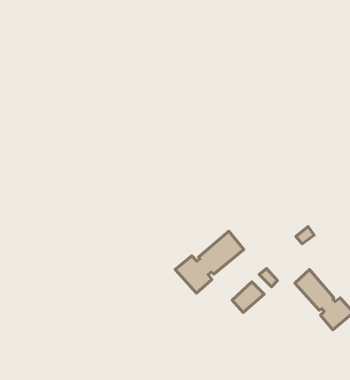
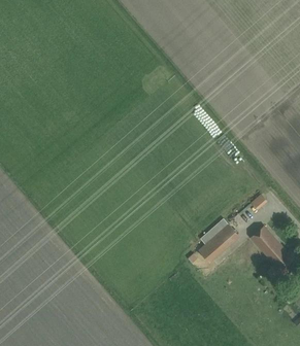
building: [175,231,244,293] -> none

